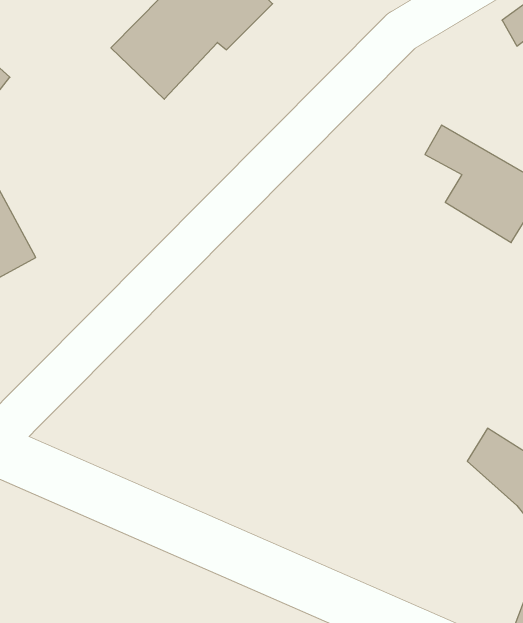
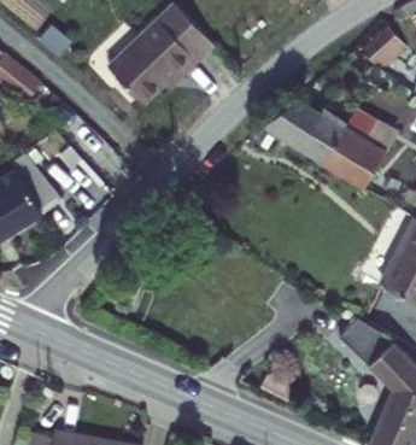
building: none -> [260,99,335,166]

